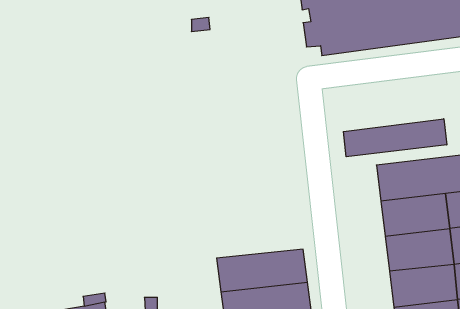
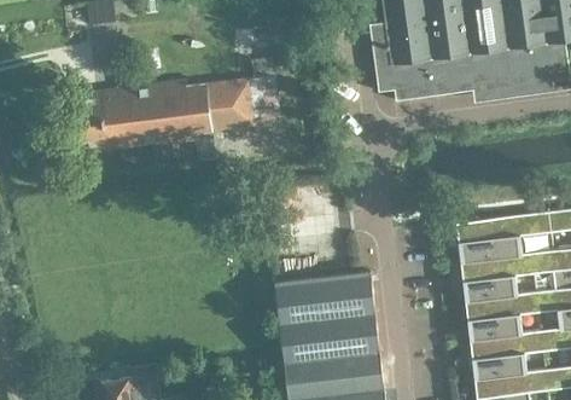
building: none -> [70,76,281,150]
building: [343,119,447,157] -> none
building: none -> [274,272,374,325]

